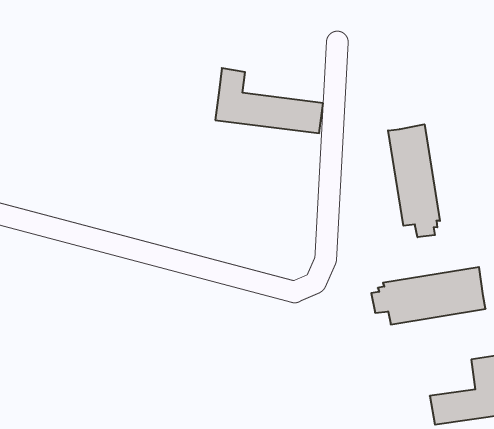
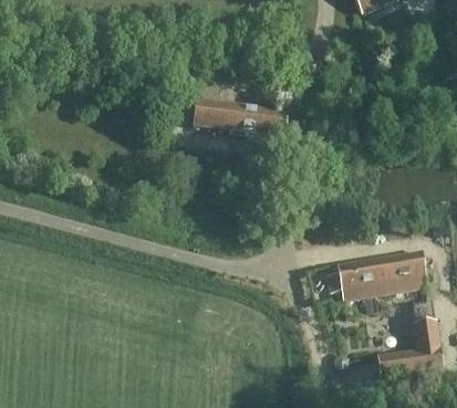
building: [388,124,440,237] -> none

